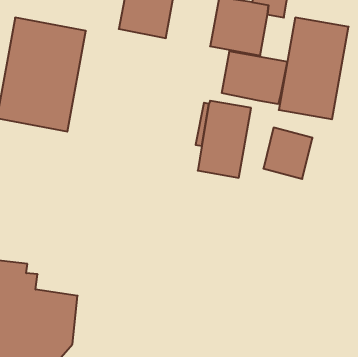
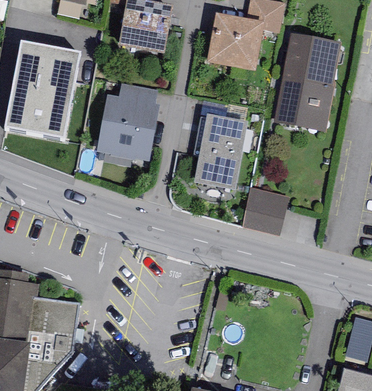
building: [222,51,287,104] -> none
building: none -> [96,84,158,160]
building: [263,128,313,179] -> [240,187,288,237]

